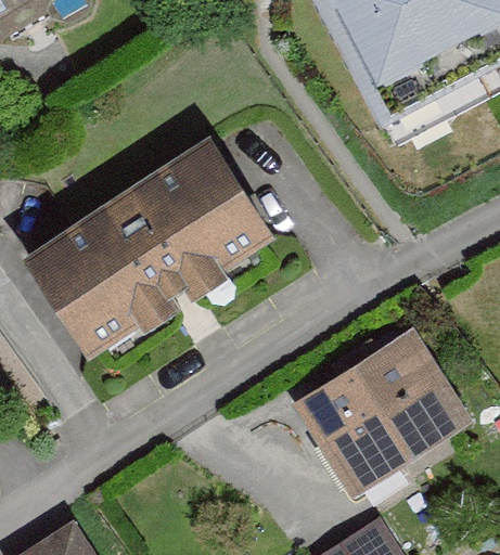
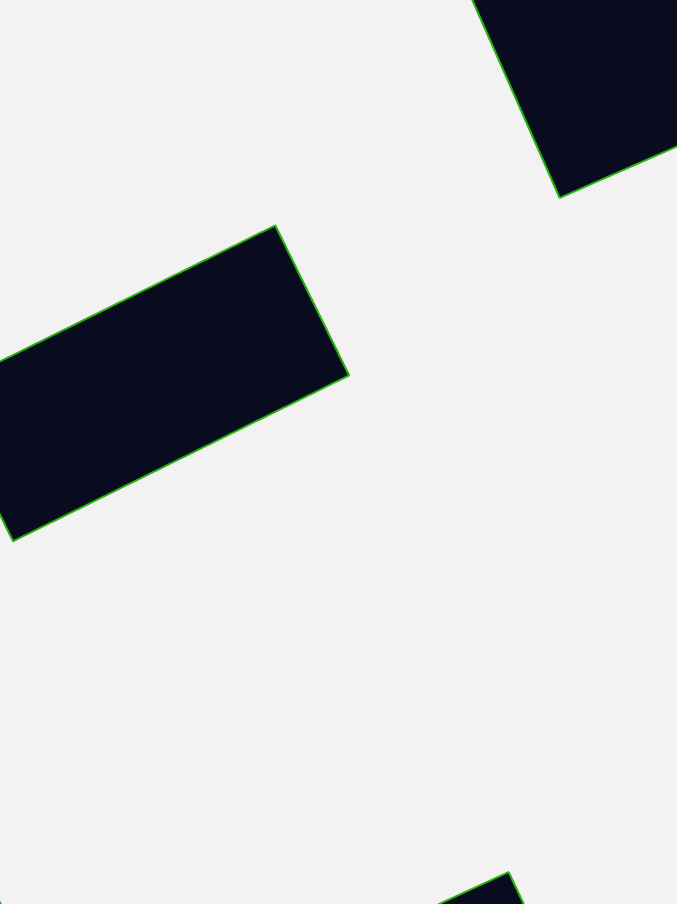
building: [312,339,450,474] -> none

